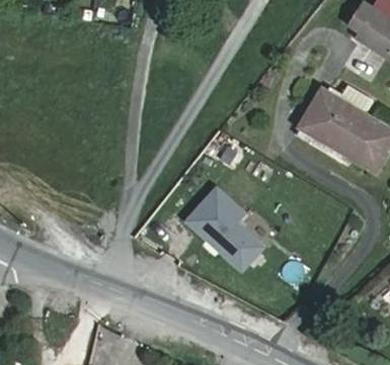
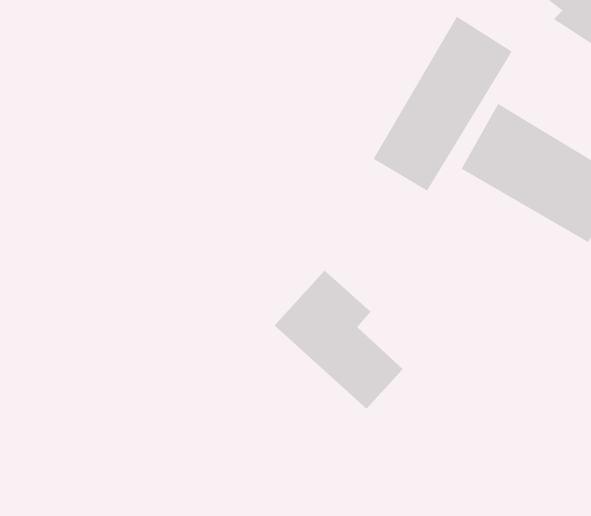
building: none -> [373,16,513,191]

